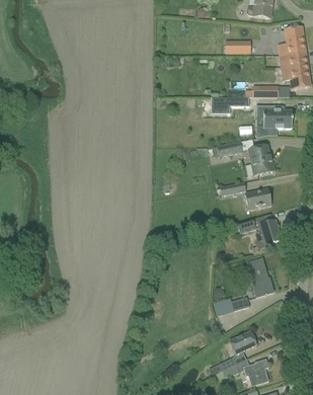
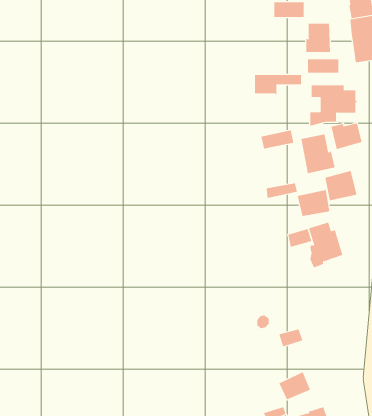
building: none -> [306,23,331,53]
building: none -> [331,122,362,150]
building: none -> [325,170,357,201]
building: [248,257,273,297] -> none

